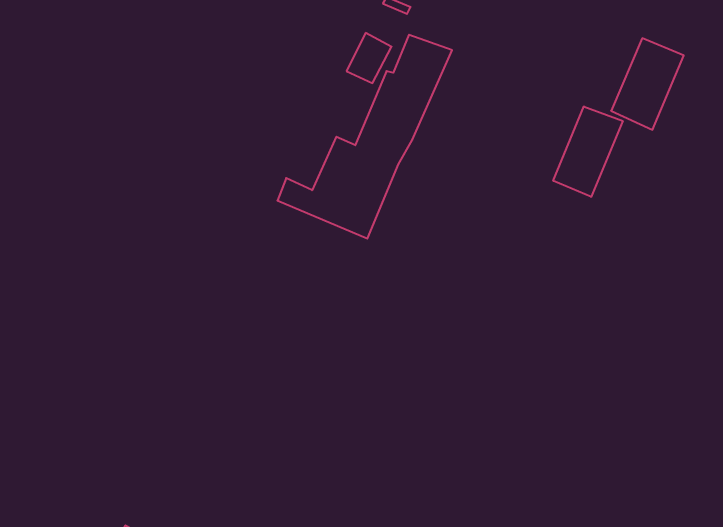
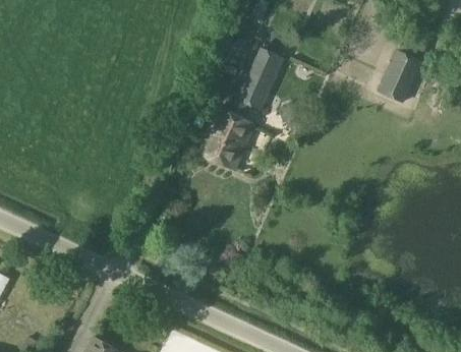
building: [553,106,623,197] -> none

